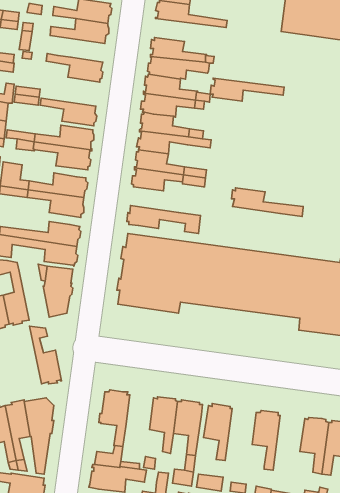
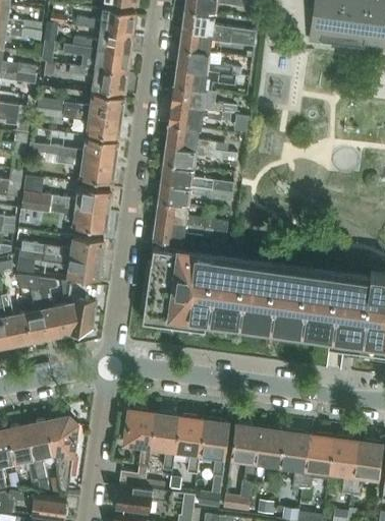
building: none -> [63,45,130,74]
building: [210,78,284,101] -> [178,30,254,53]
building: none -> [64,94,125,119]
building: [231,188,303,217] -> [155,201,228,231]
building: [30,326,61,384] -> [40,279,72,338]
building: none -> [151,412,179,470]
building: none -> [253,427,284,483]
building: none -> [299,433,334,506]

